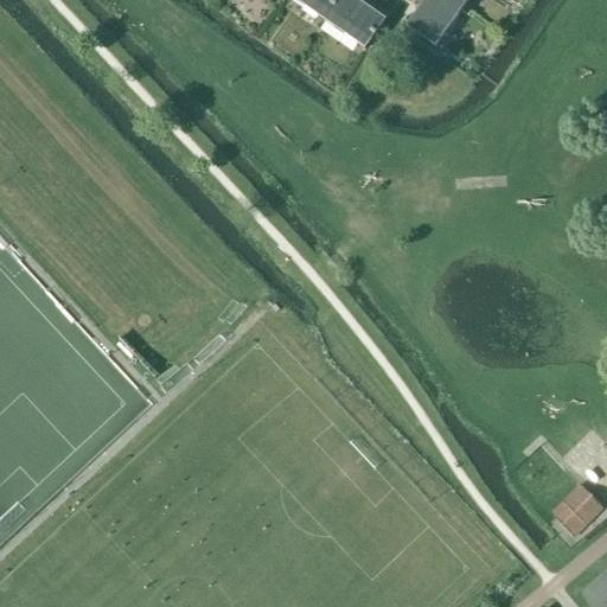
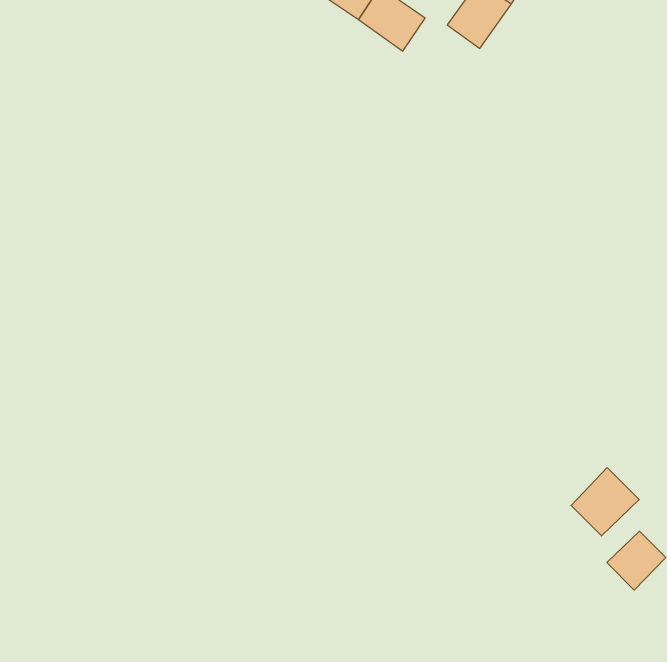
building: none -> [571,468,639,536]

